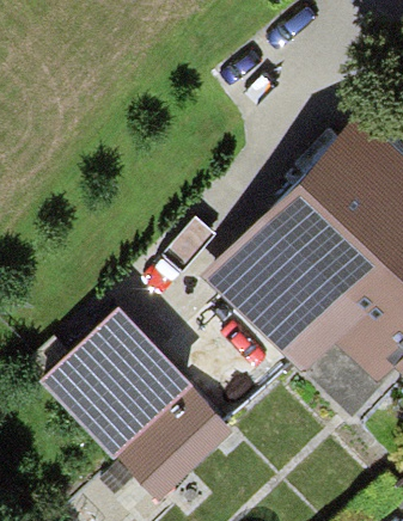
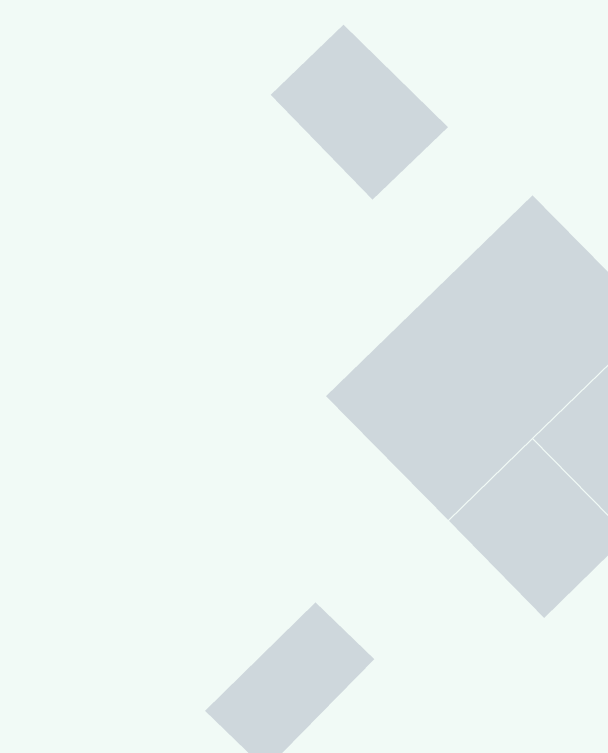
building: none -> [270,24,449,200]
building: [53,312,201,460] -> none

